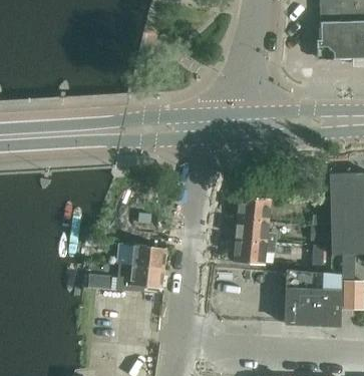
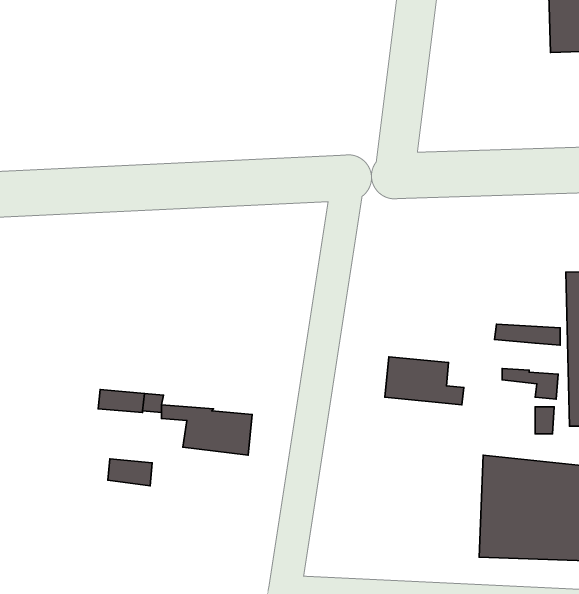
building: [238,197,271,222] -> none
building: [234,240,276,265] -> none
building: [128,266,164,289] -> none

